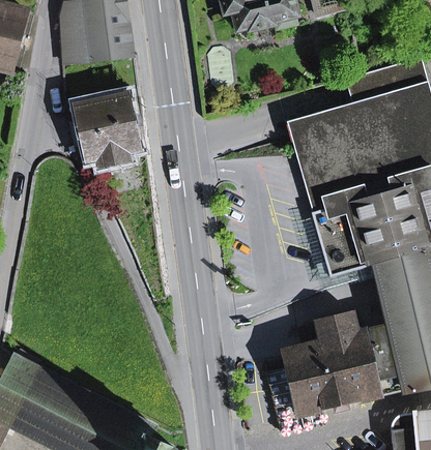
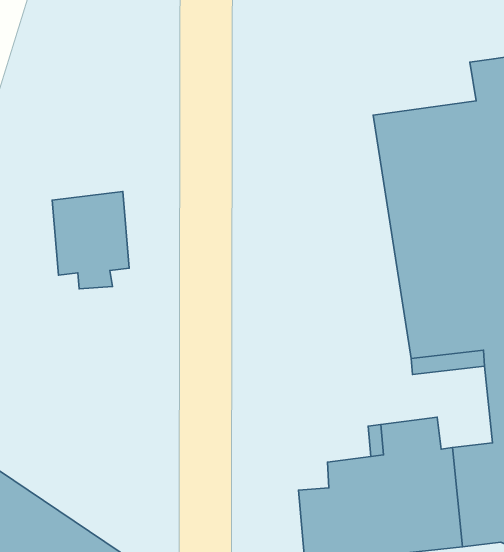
building: [80,97,136,164] -> [52,191,129,289]

